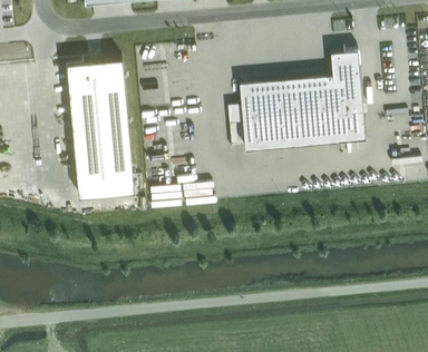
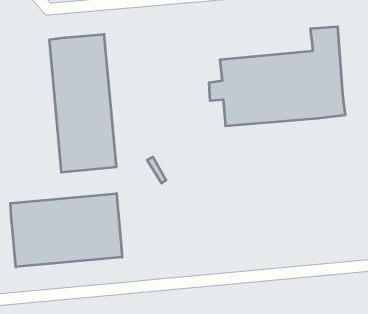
building: none -> [10,193,122,267]

